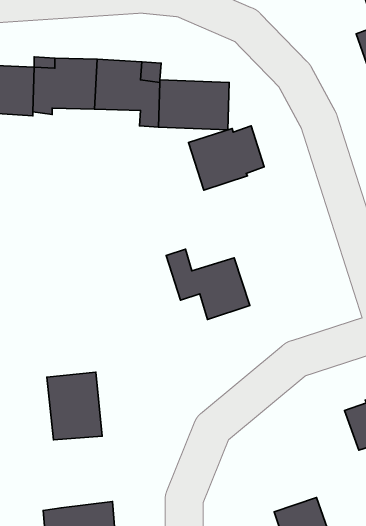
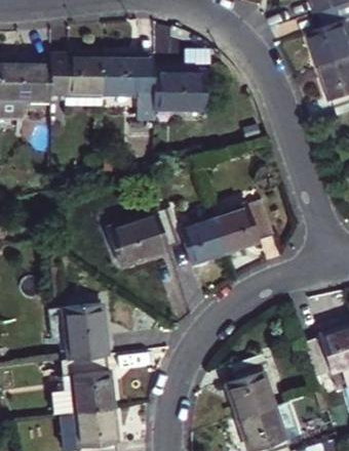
building: [188,126,264,190] -> [210,203,271,254]
building: none -> [105,212,168,269]
building: none -> [231,357,276,419]
building: none -> [60,359,113,416]

